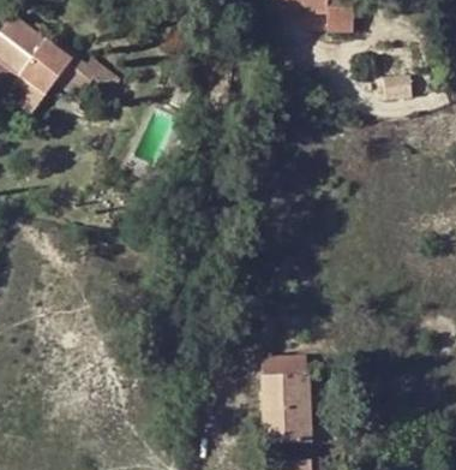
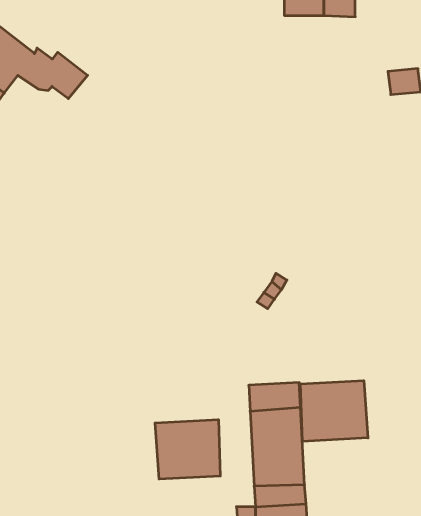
building: none -> [300,381,368,441]
building: none -> [155,420,220,479]

